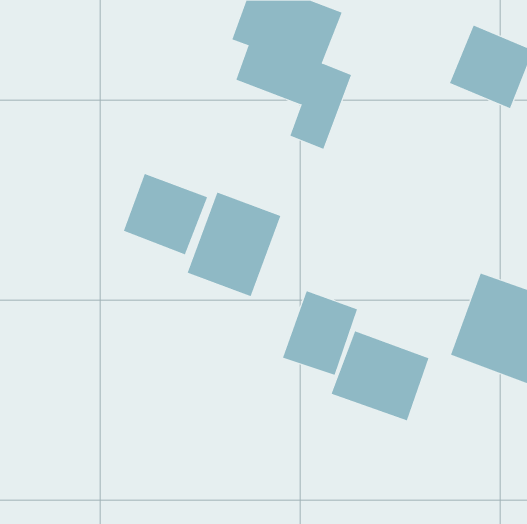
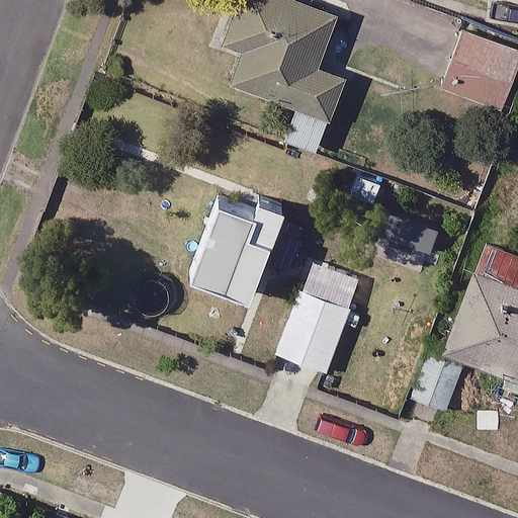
building: [123,173,208,255] -> none
building: [331,331,429,421] -> none

